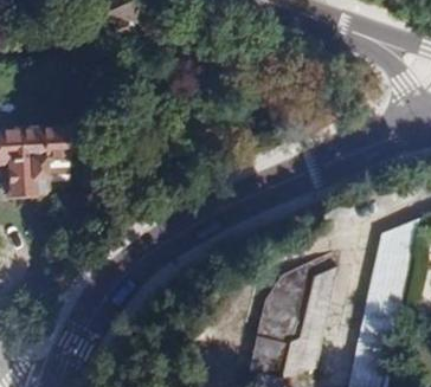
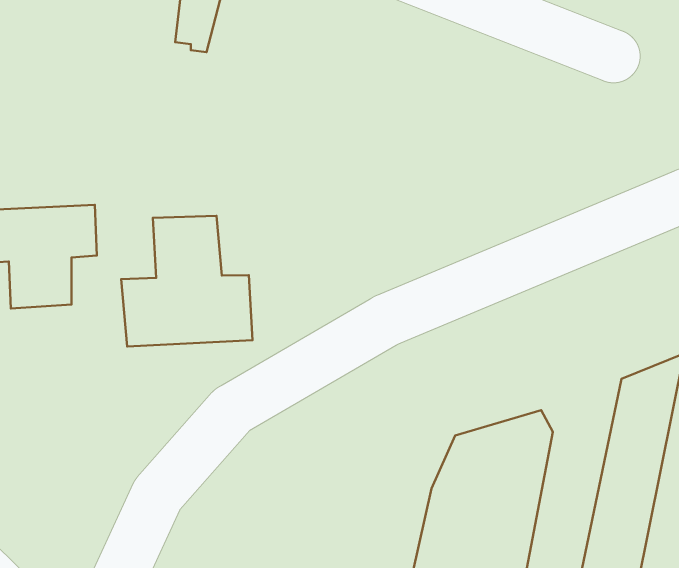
building: none -> [121,216,253,346]

